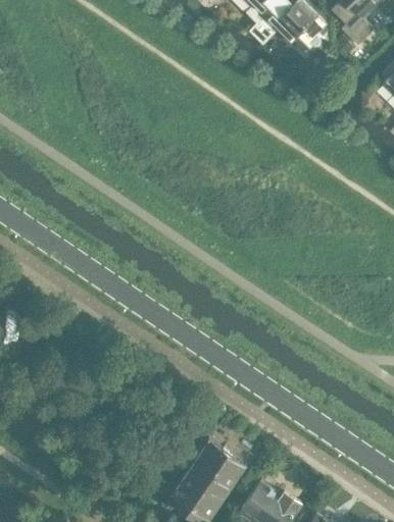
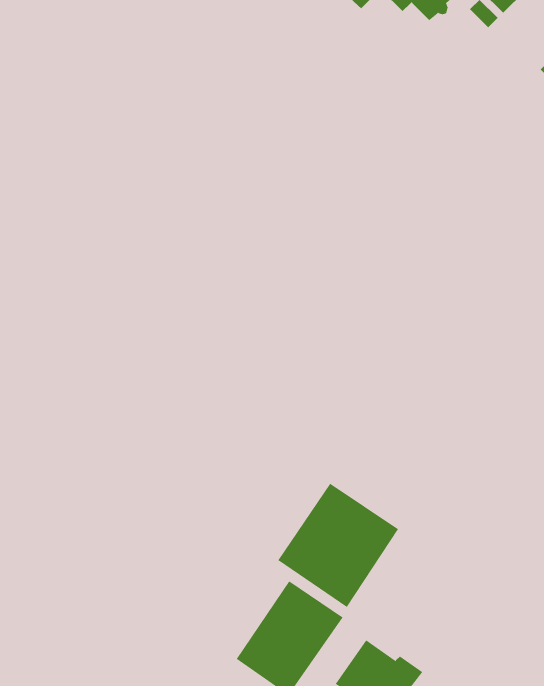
building: none -> [277,483,399,608]

